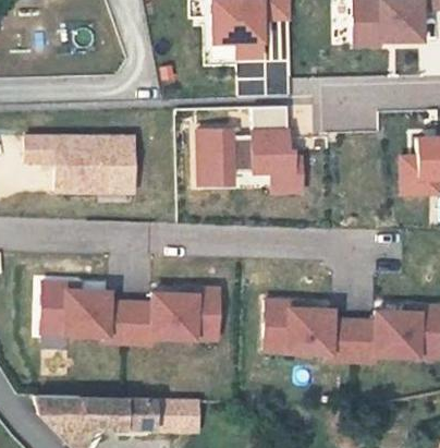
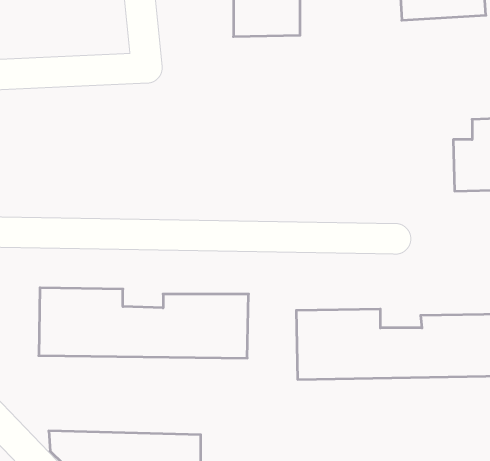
building: [192,104,303,194] -> none
building: [24,132,133,195] -> none

